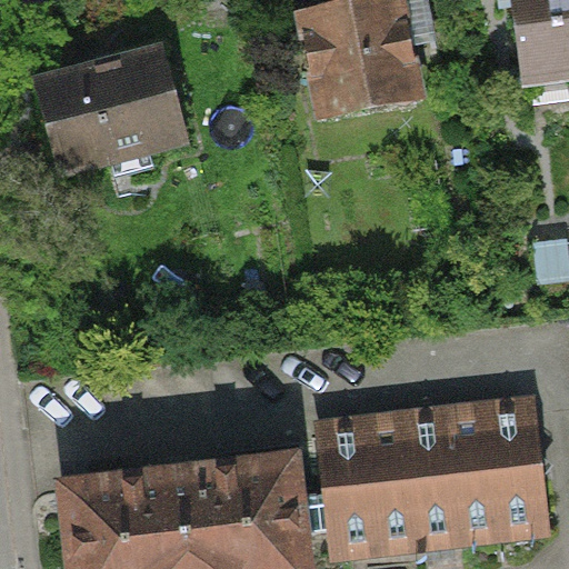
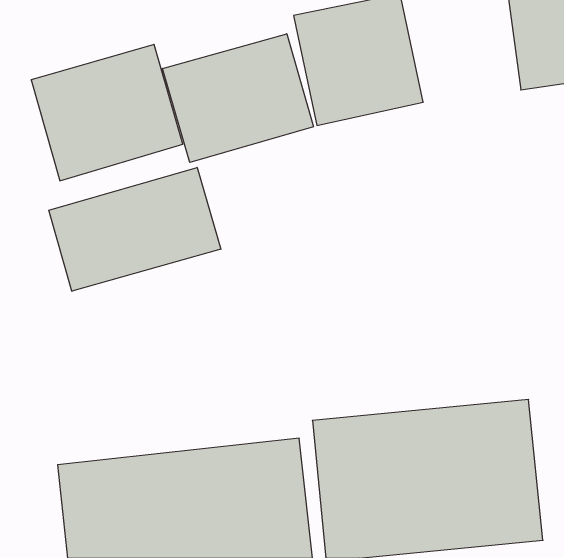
building: none -> [163,34,313,162]
building: none -> [49,167,221,291]

